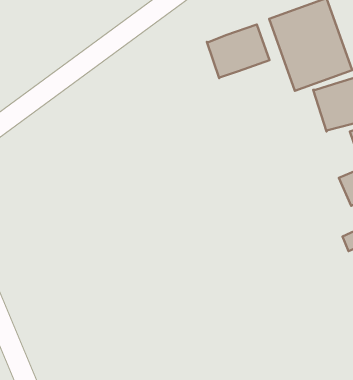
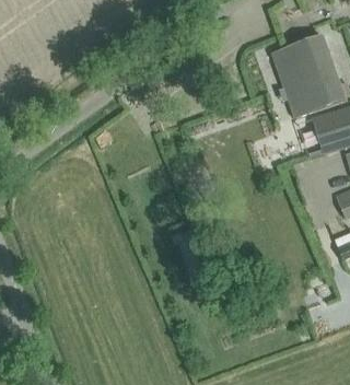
building: [207,24,270,78] -> none

